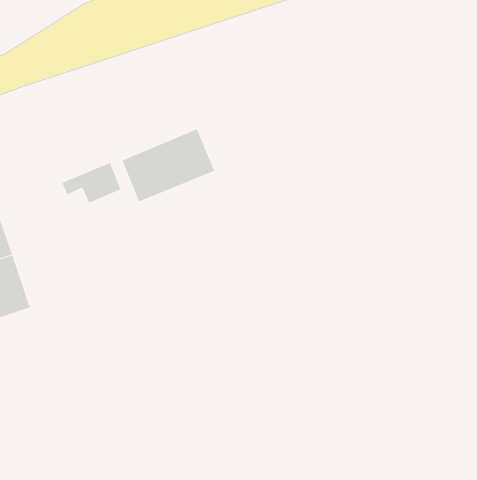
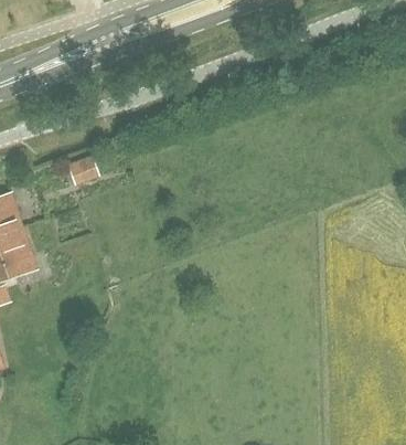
building: [122,129,215,202] -> none

